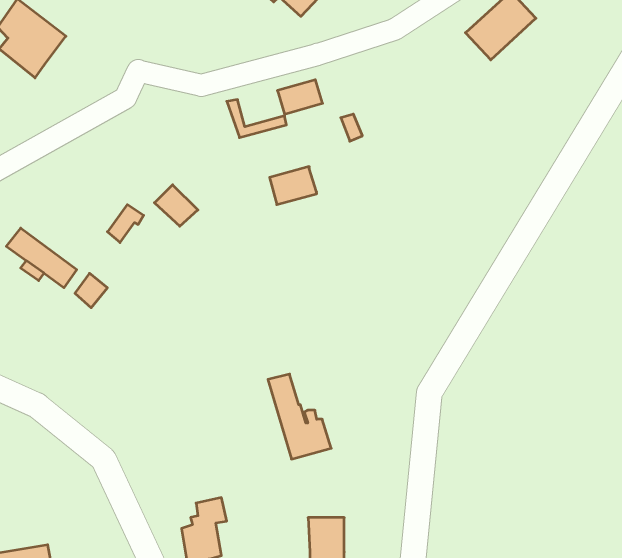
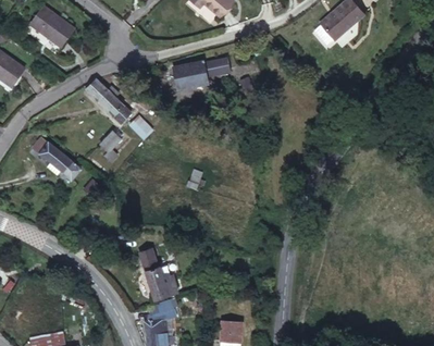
building: none -> [85,79,131,122]
building: [270,167,317,205] -> [178,59,207,82]
building: [268,374,331,459] -> [140,246,178,297]

